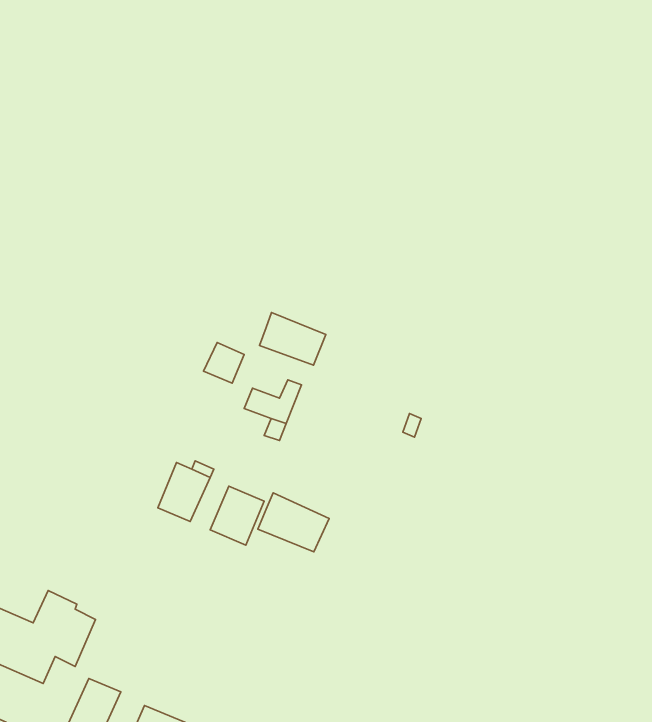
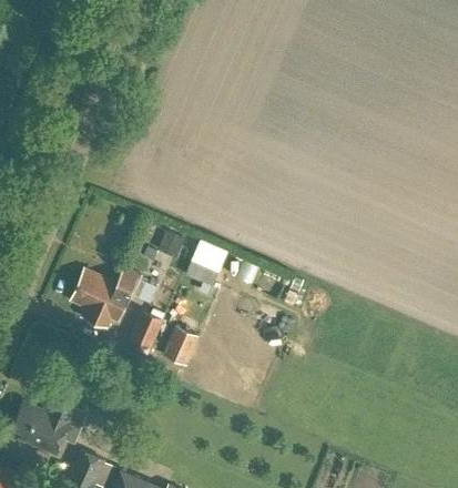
building: [259,313,326,365] -> none
building: none -> [69,267,138,329]
building: [258,493,329,552] -> none

